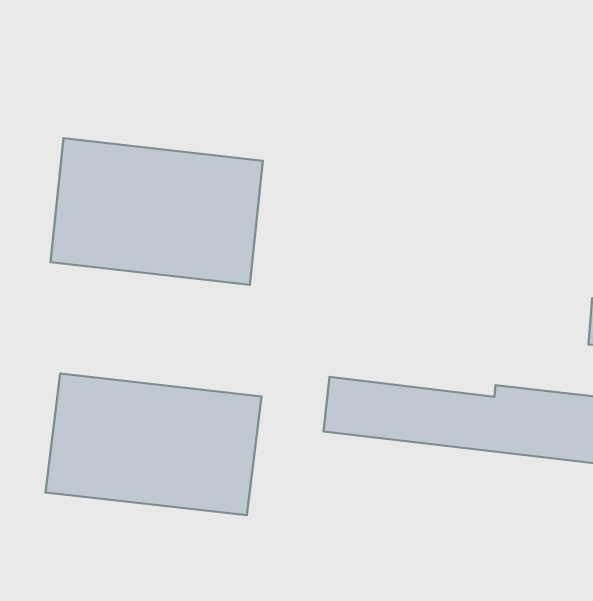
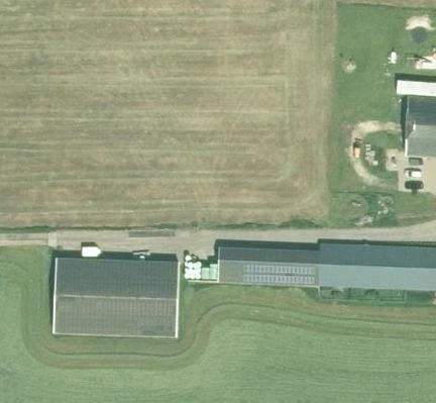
building: [51,138,263,285] -> none

